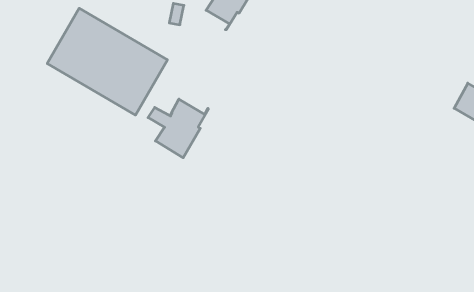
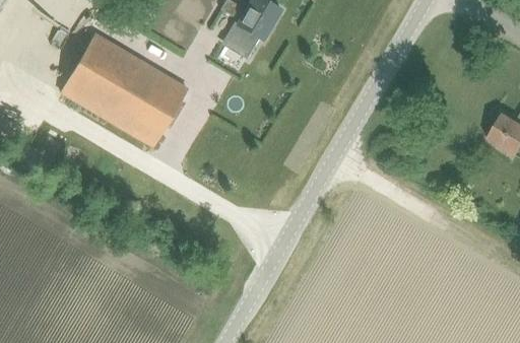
building: [148,99,208,158] -> none

